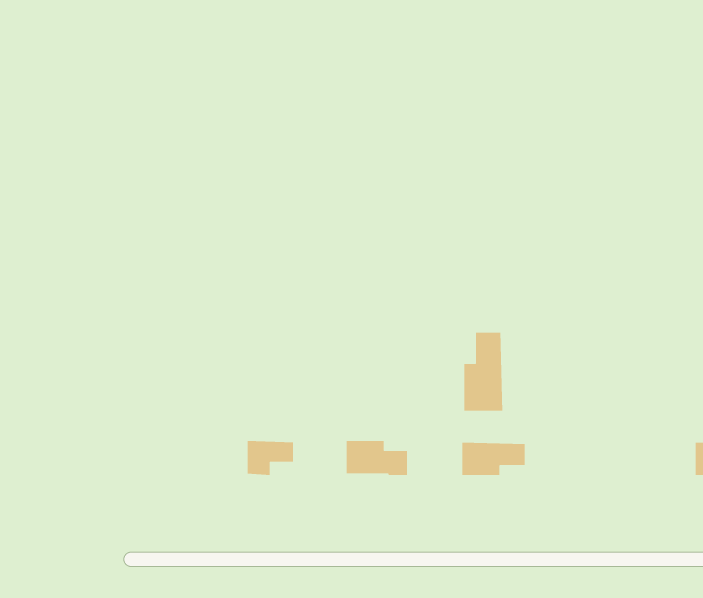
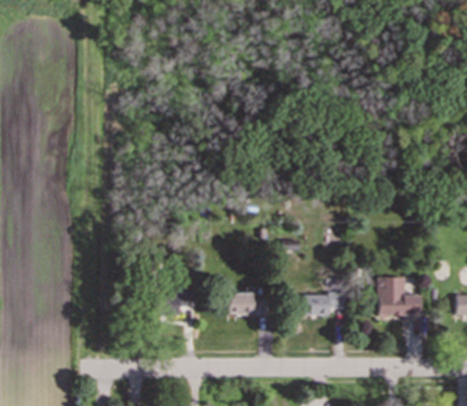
building: [464,332,503,412] -> none
building: none -> [378,277,421,317]

